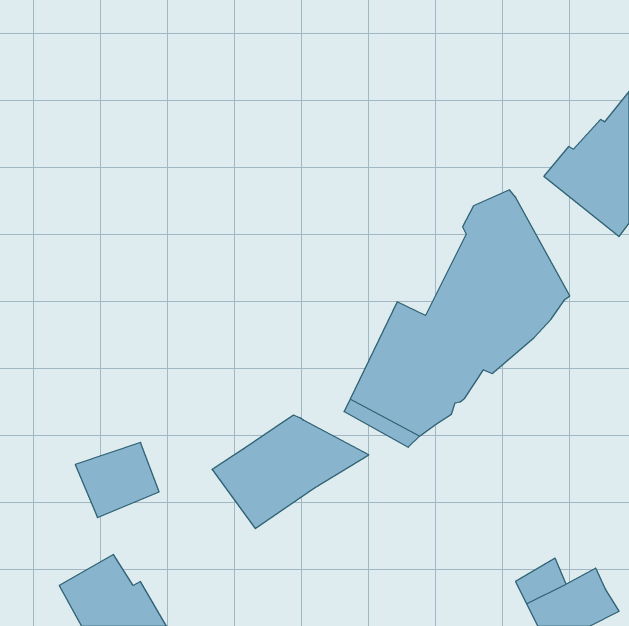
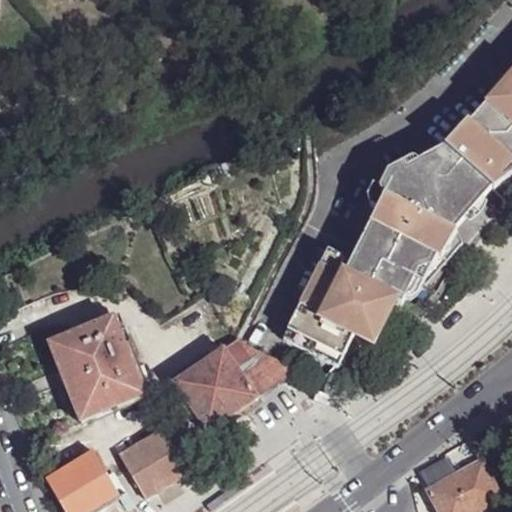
building: none -> [418,143,502,240]
building: none -> [49,320,143,399]
building: none -> [119,426,187,495]

